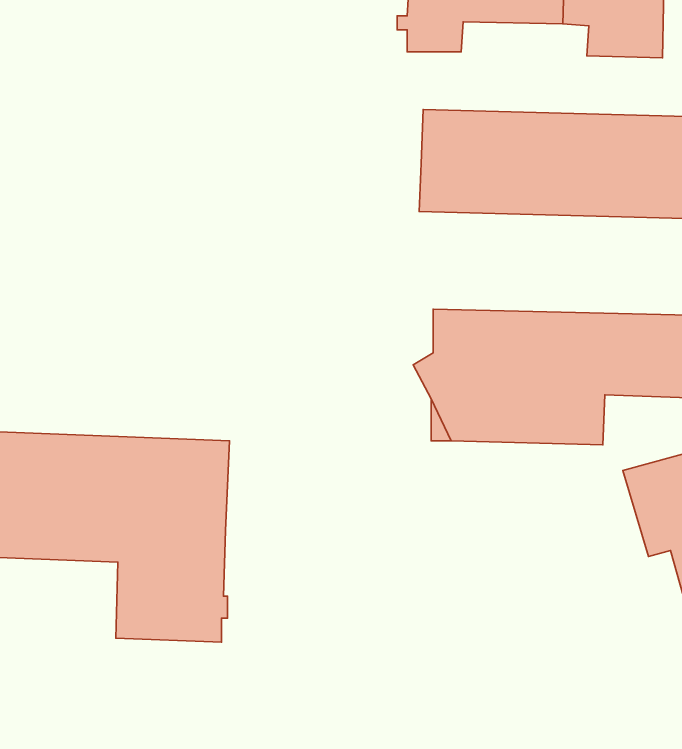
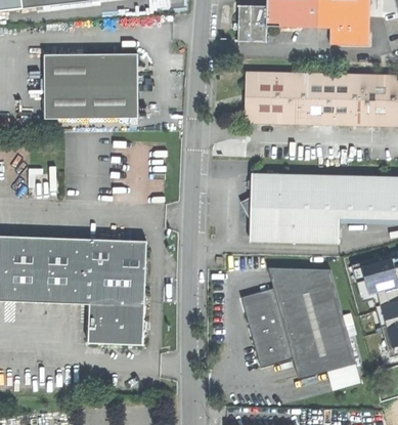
building: none -> [45,54,138,119]
building: none -> [241,269,363,390]

